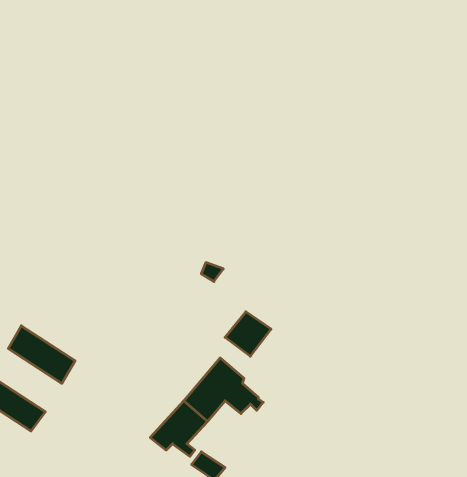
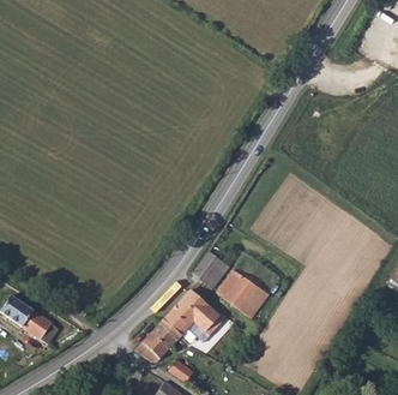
building: [8,326,75,383] -> none
building: none -> [216,269,267,317]

